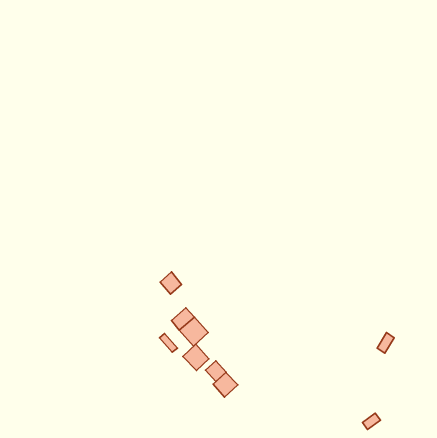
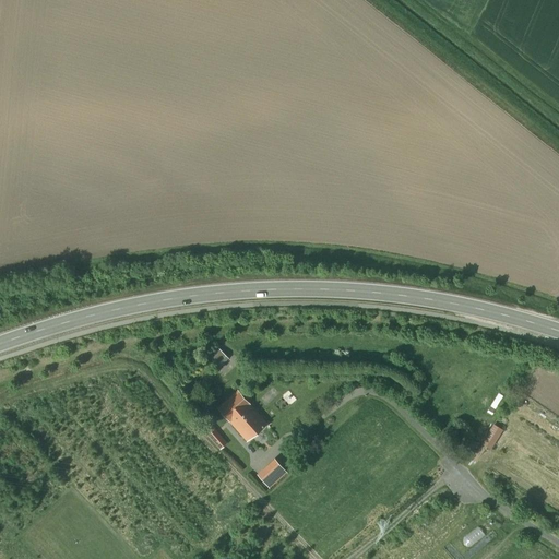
building: [183,344,209,370] -> none
building: [213,372,238,397] -> none

